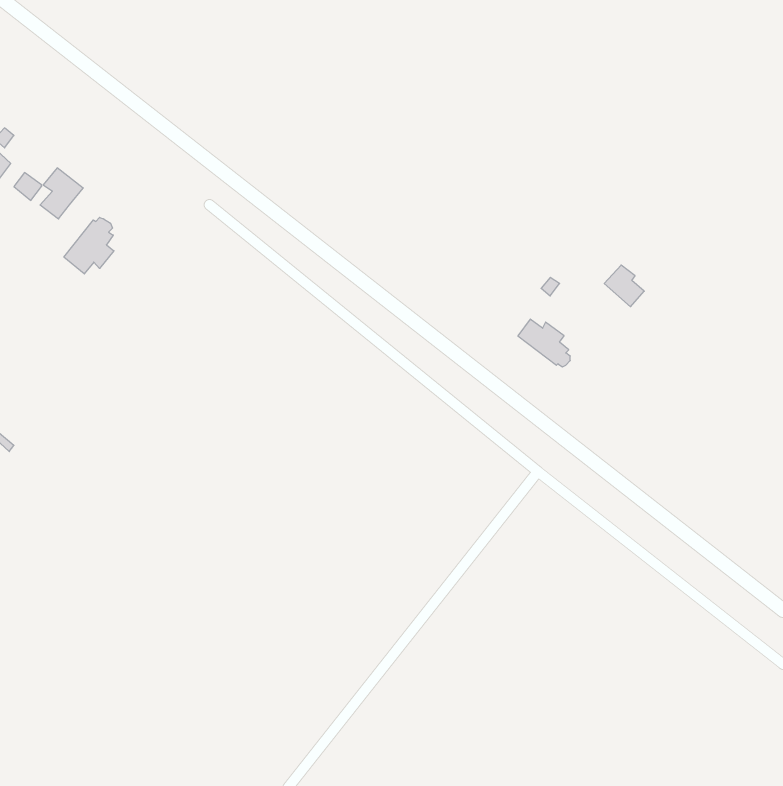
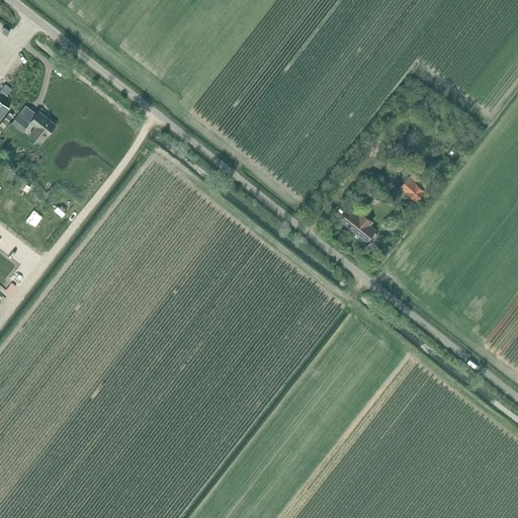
building: [64,217,114,274] -> none

